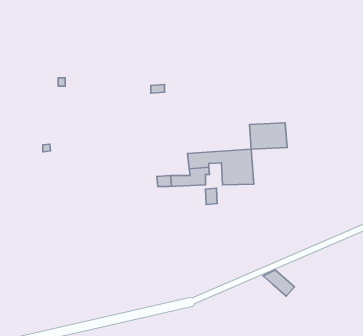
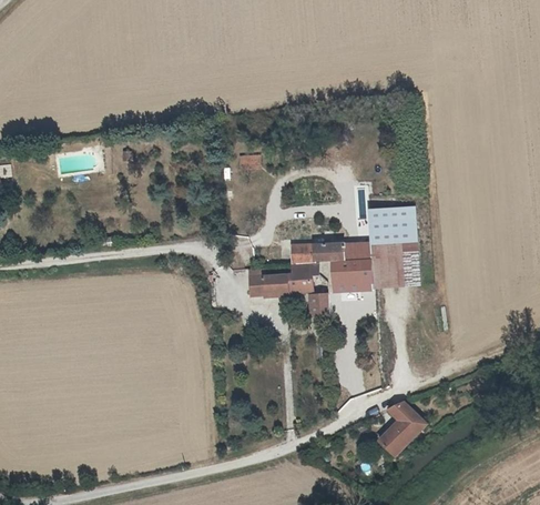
building: none -> [370,240,419,287]
building: none -> [377,418,416,455]

